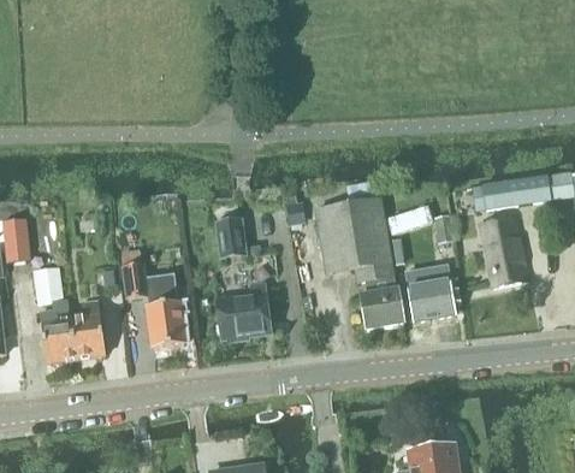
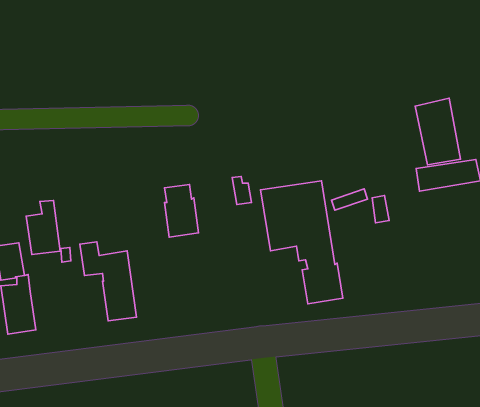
building: [479,214,527,285] -> [415,98,460,165]
building: [405,264,455,319] -> none
building: [215,282,269,338] -> none
building: [70,298,106,356] -> [26,200,60,254]

